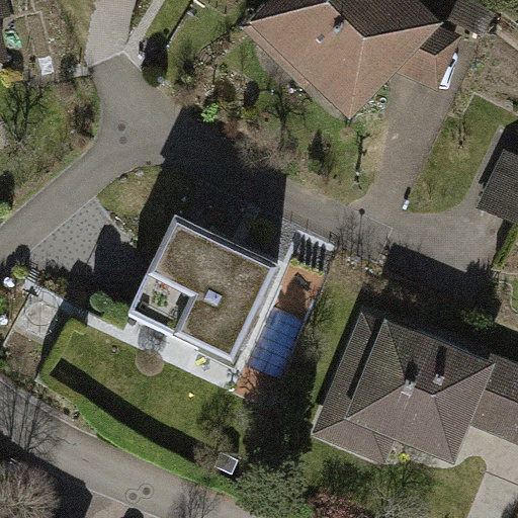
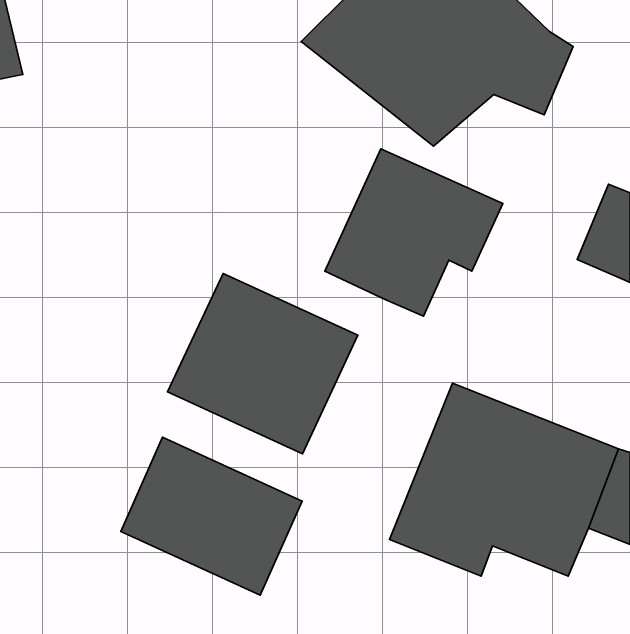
building: none -> [325,149,503,316]
building: none -> [121,437,302,595]

